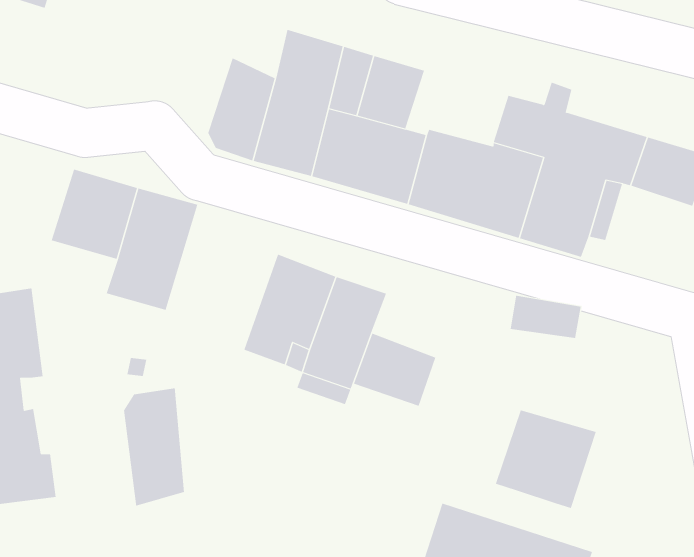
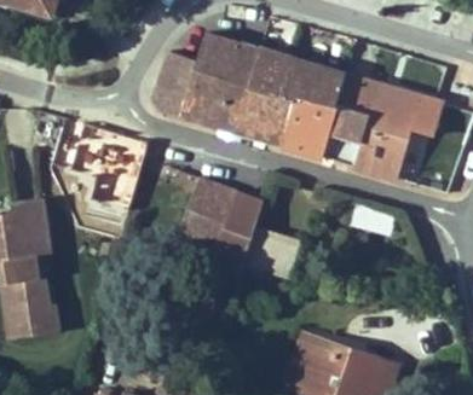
building: none -> [279,48,345,108]
building: [123,387,184,507] -> none
building: [495,409,596,509] -> none

